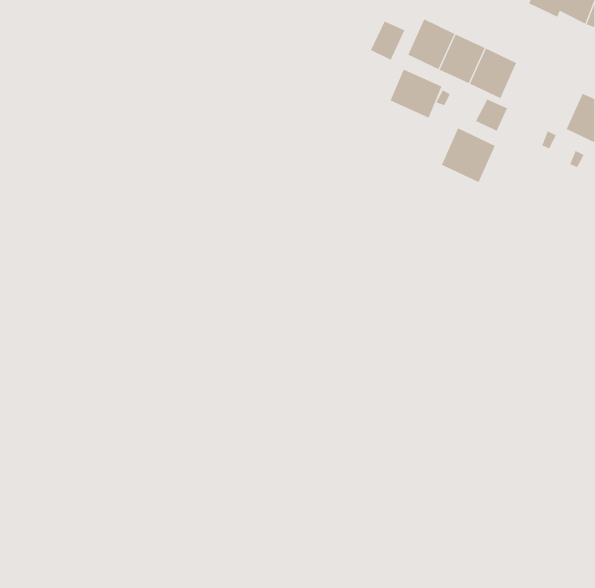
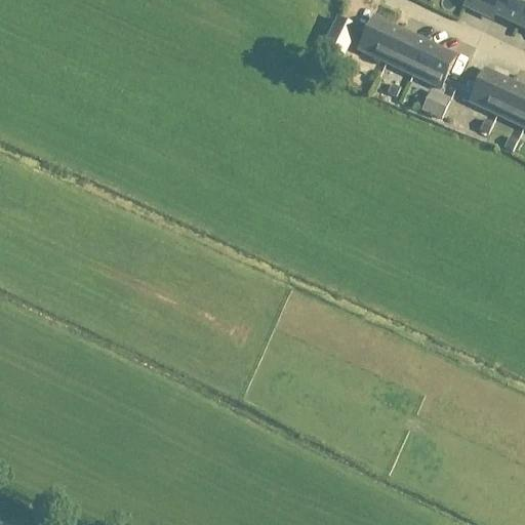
building: [390,69,442,118] -> none
building: none -> [471,69,513,114]
building: [441,128,496,183] -> none

